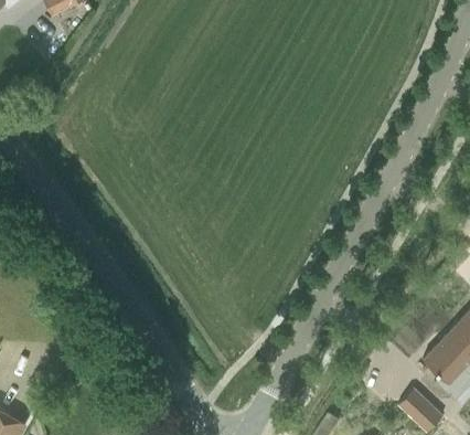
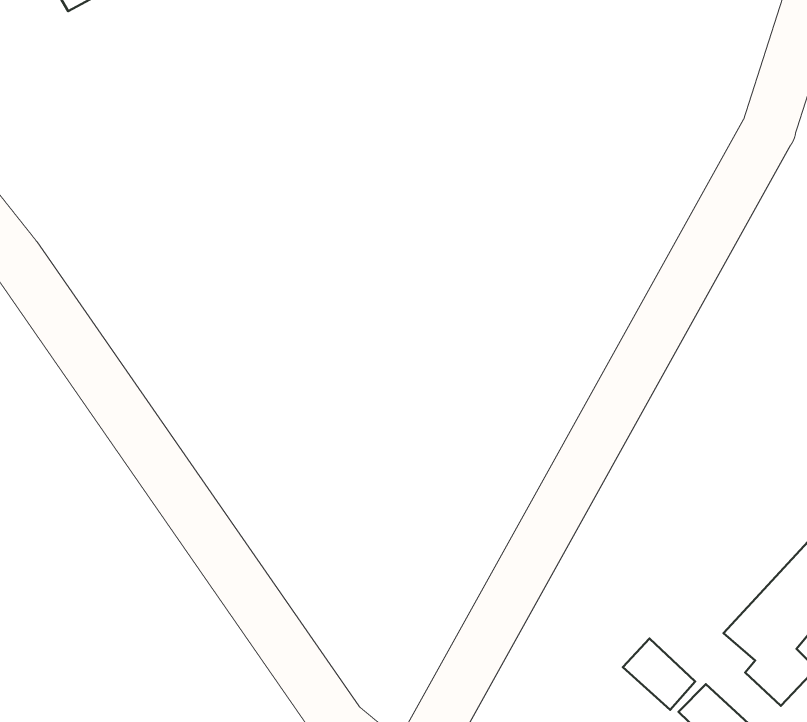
building: none -> [623,638,695,710]

